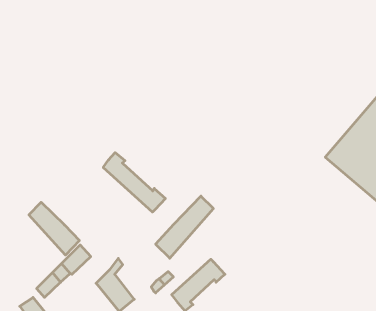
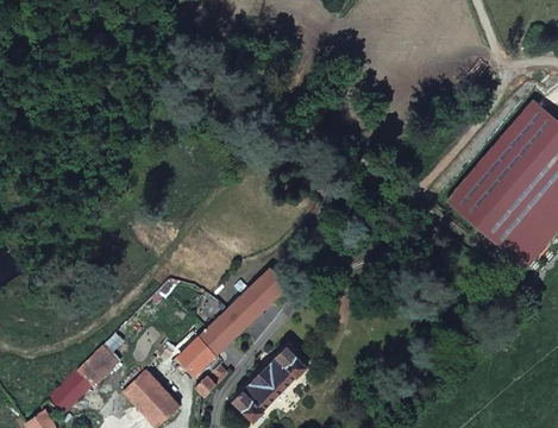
building: [103,153,165,212] -> none
building: [29,202,79,255] -> none
building: none -> [180,331,228,373]

